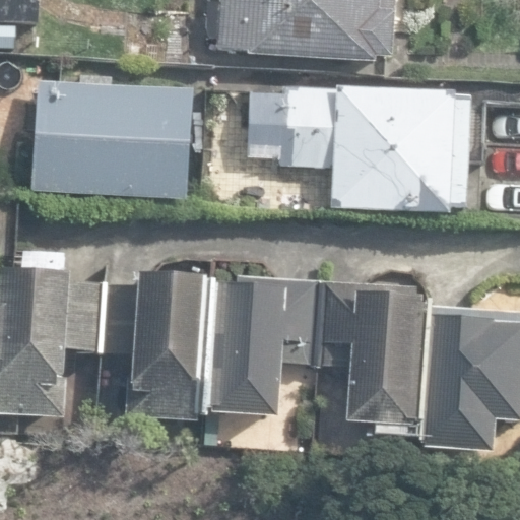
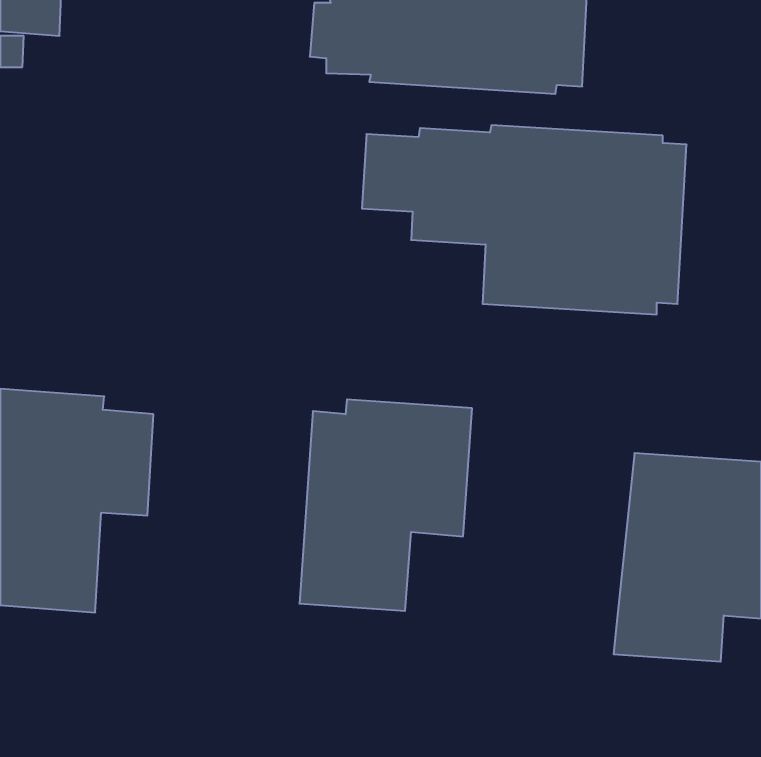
building: [31,81,191,198] -> none
building: [101,275,213,420] -> none
building: [316,278,434,426] -> none

